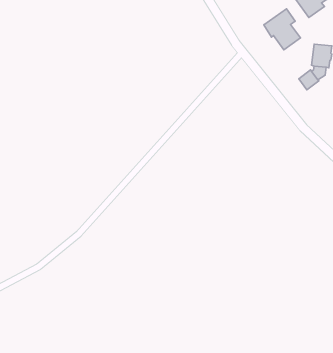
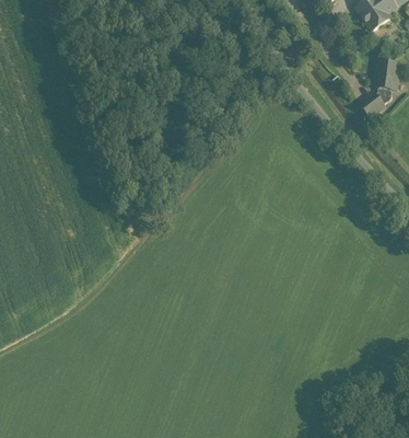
building: [264,9,300,50] -> none

